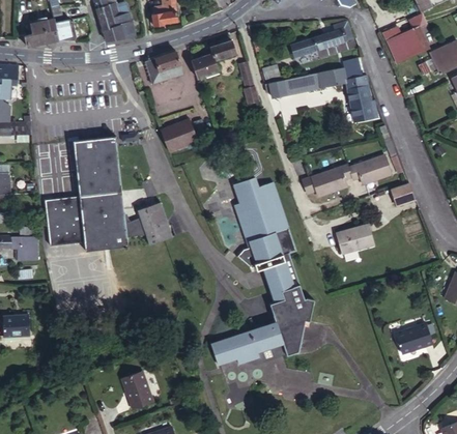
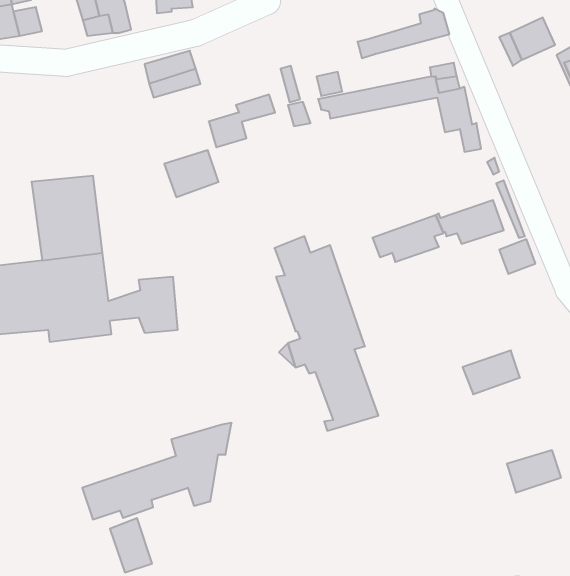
building: [193,40,238,77] -> [209,95,275,147]
building: [338,220,377,250] -> [463,350,520,394]
building: [210,300,313,367] -> [82,423,232,519]

